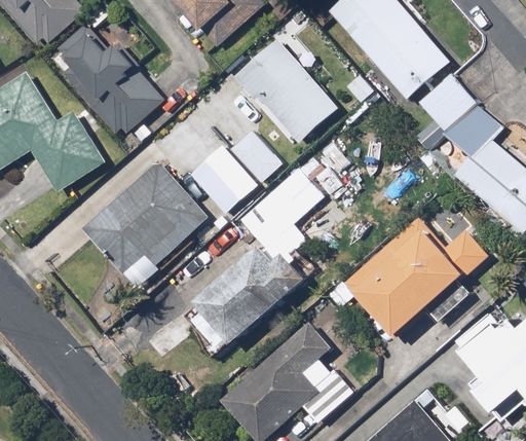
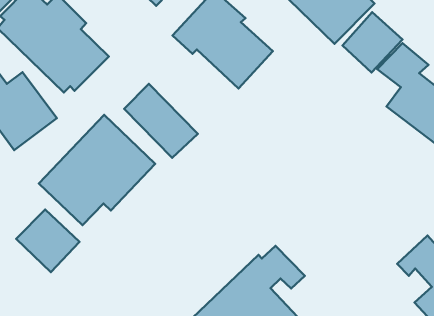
building: [227,128,283,186] -> none
building: [184,140,347,352] -> none
building: [342,216,487,341] -> none
building: none -> [16,210,79,272]

